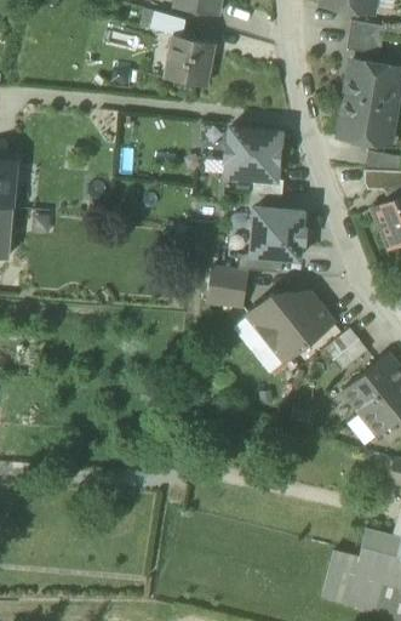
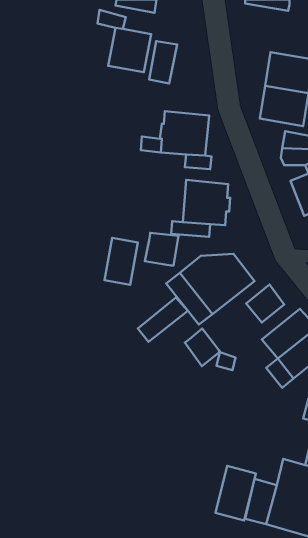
building: [346,21,384,55] -> none
building: none -> [149,41,177,84]
building: none -> [105,238,138,285]
building: none -> [138,297,188,342]
building: none -> [185,329,220,366]
building: none -> [215,466,256,521]

